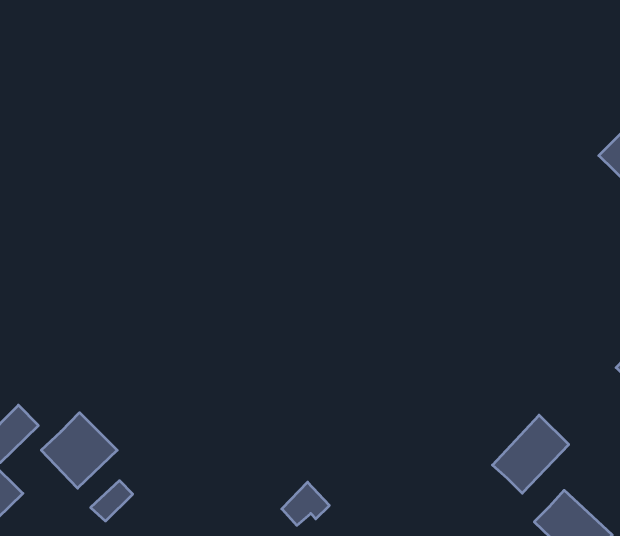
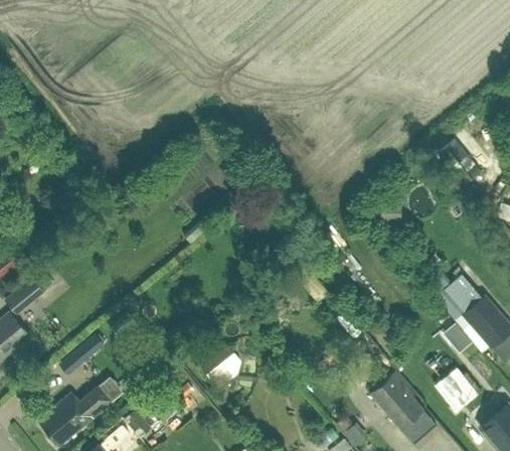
building: [41,413,117,488] -> none
building: [492,415,569,493] -> none

